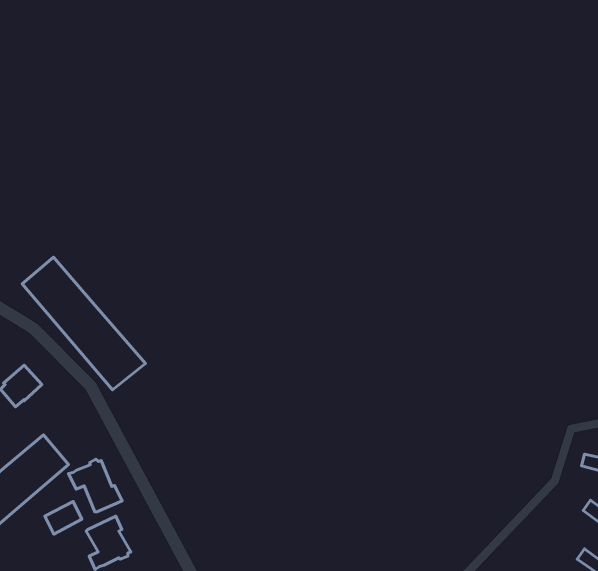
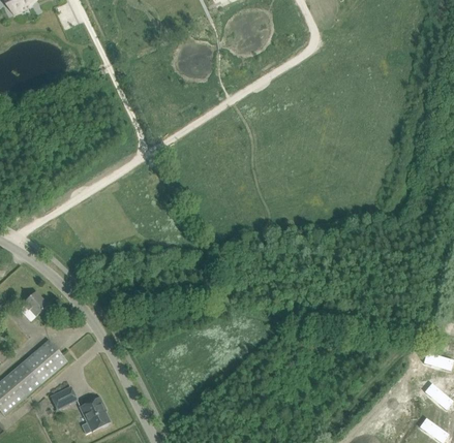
building: [22,257,145,390] -> none
building: [68,459,122,512] -> none

